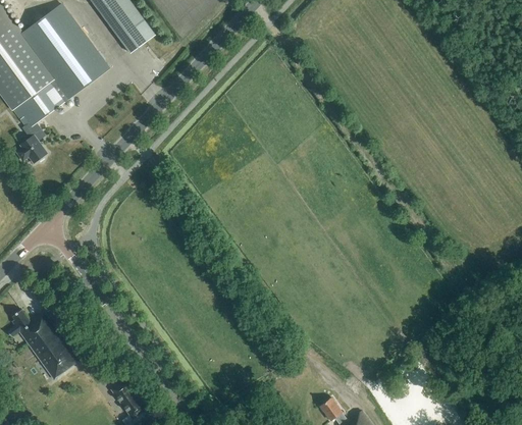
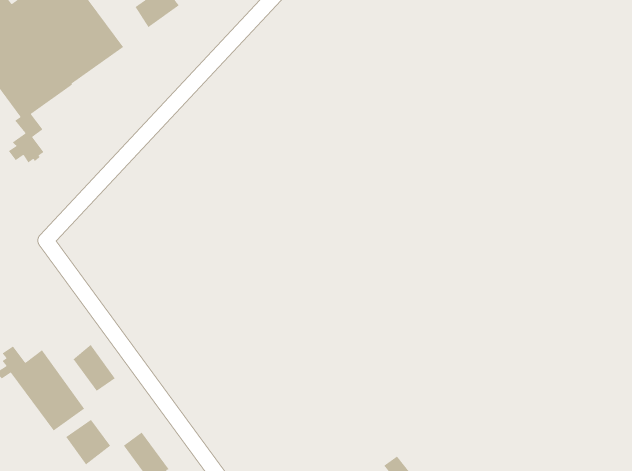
building: none -> [72,344,116,392]
building: none -> [65,419,111,466]

